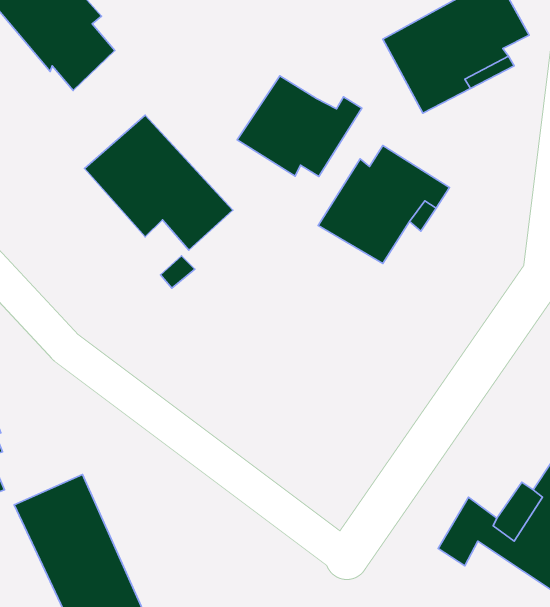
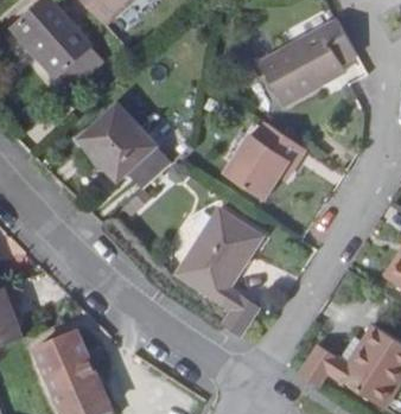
building: [237,76,362,176] -> none
building: none -> [174,208,261,337]

